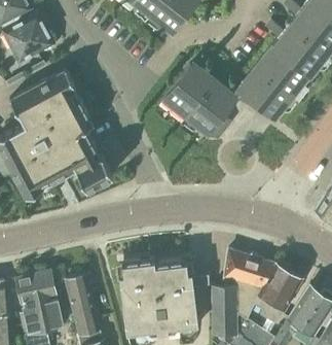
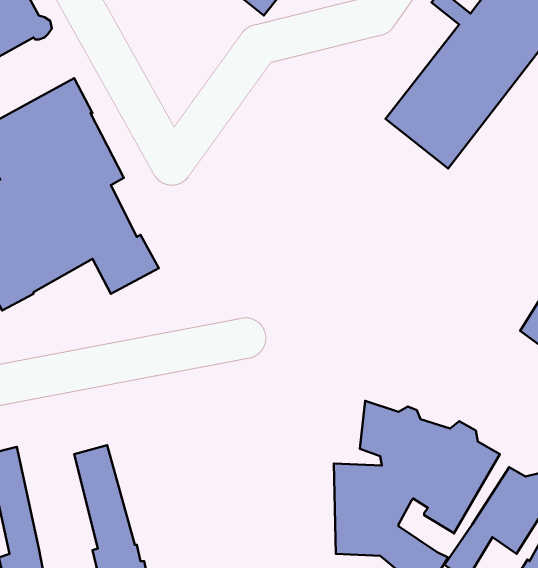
building: [162,64,235,140] -> none
building: [116,255,211,335] -> none
building: [34,271,65,332] -> none

